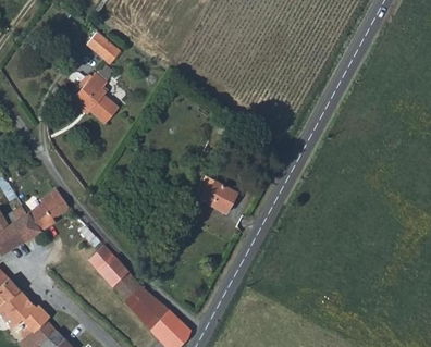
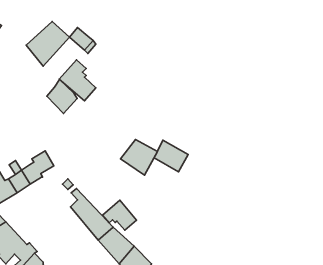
building: none -> [26,21,70,66]
building: none -> [47,79,77,113]
building: none -> [121,139,157,175]
building: none -> [103,200,136,230]

